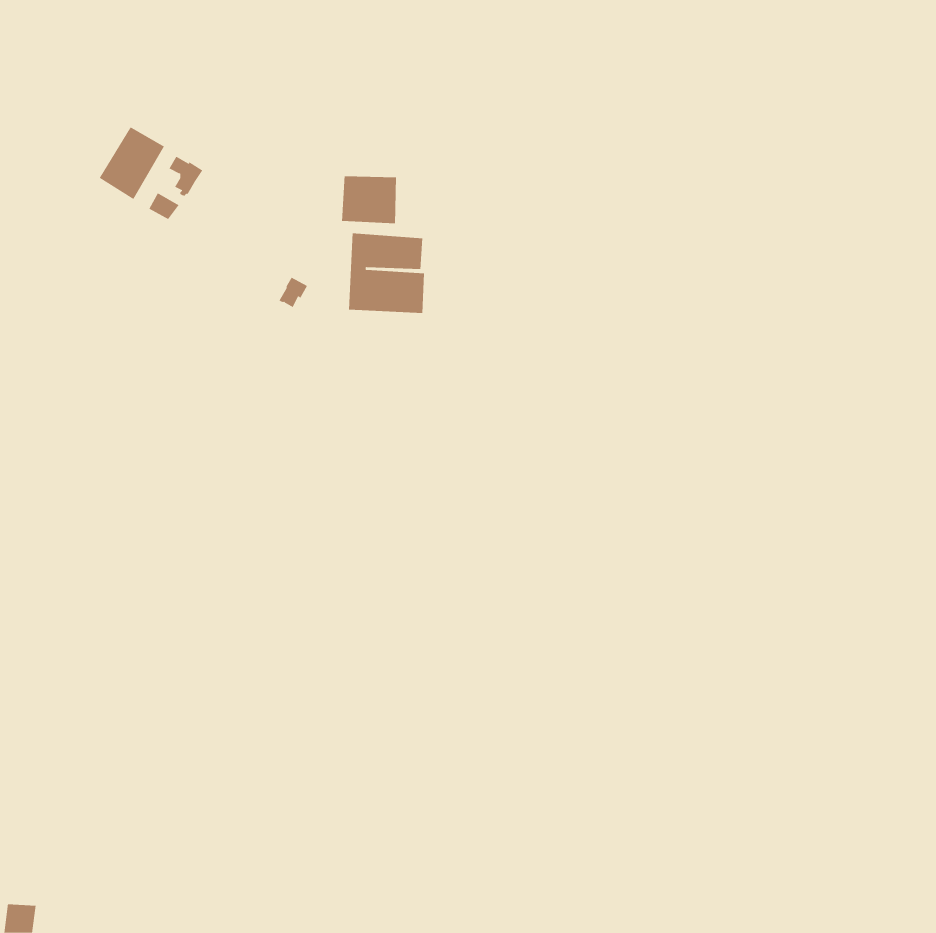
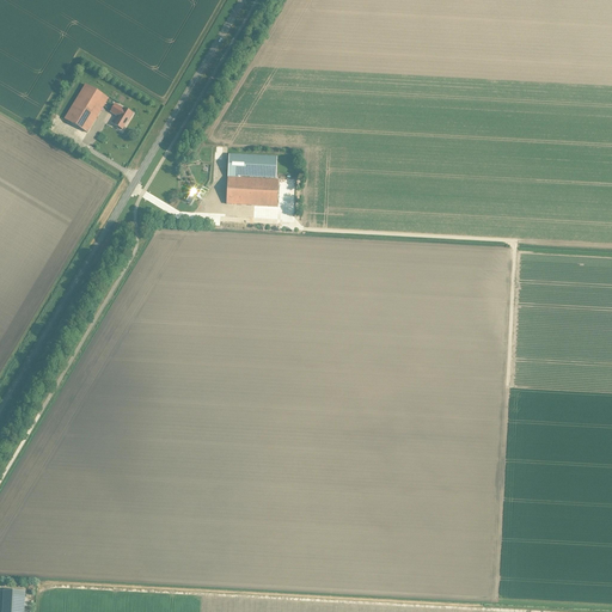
building: [342,175,396,224] -> none

